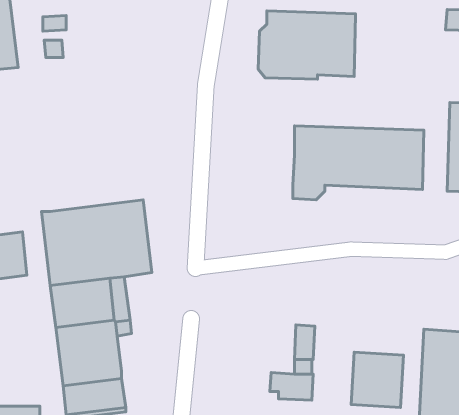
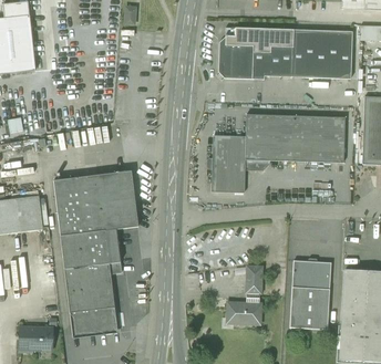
building: none -> [291,30,352,79]
building: none -> [210,135,246,193]
building: none -> [291,260,331,289]

